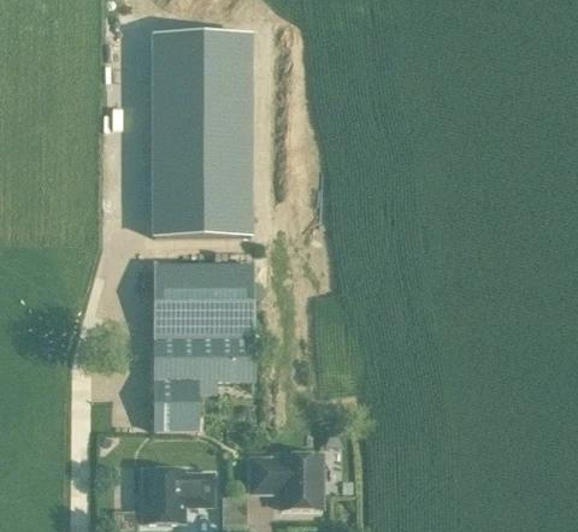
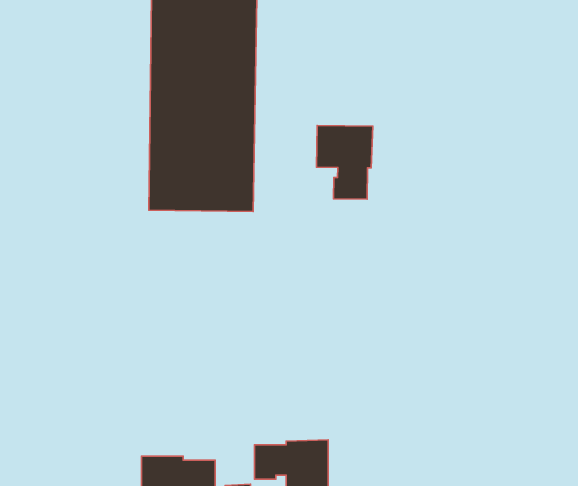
building: none -> [317,126,373,199]
building: [154,265,253,430] -> none

